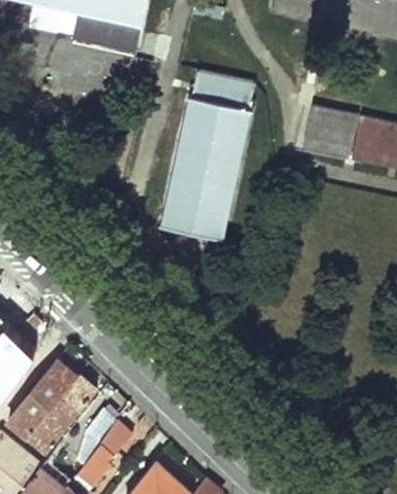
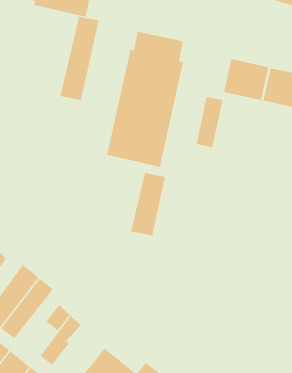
building: none -> [59,16,99,101]
building: none -> [196,96,224,148]
building: none -> [130,172,166,236]

